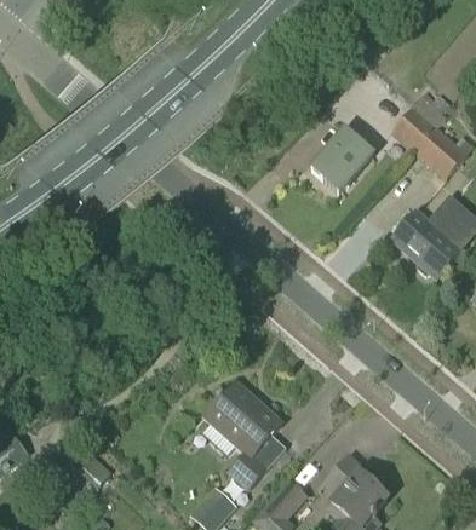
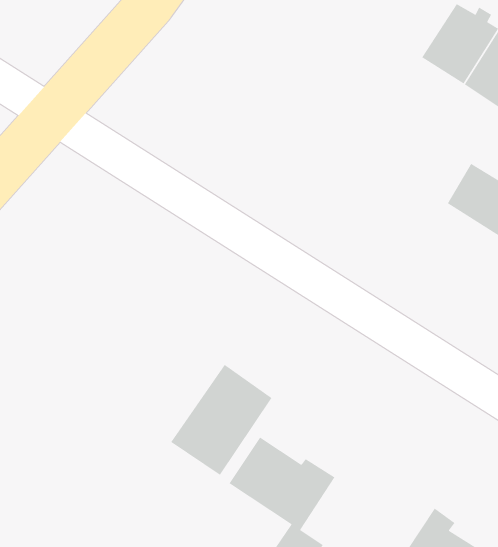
building: [310,126,374,190] -> none
building: none -> [170,364,273,476]

